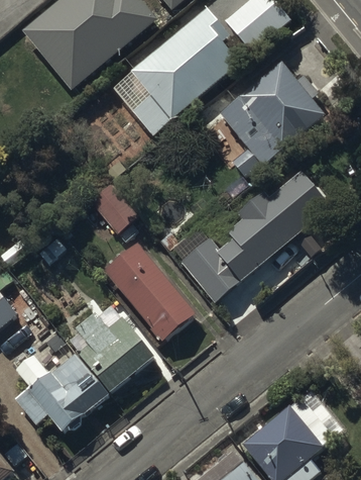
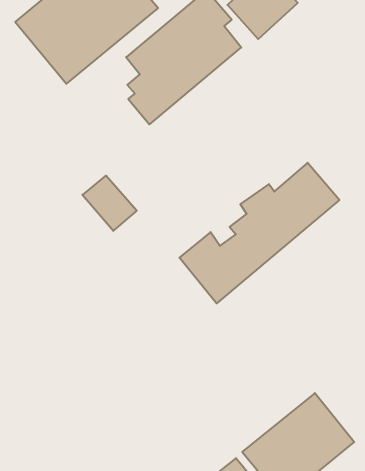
building: [219,59,329,179] -> none
building: [104,242,193,339] -> none
building: [74,310,155,391] -> none
building: [15,357,104,428] -> none

